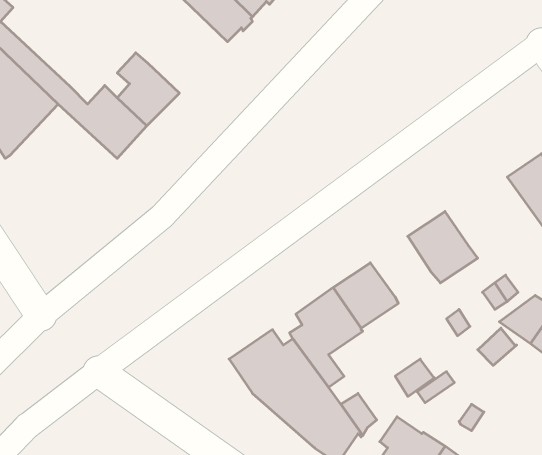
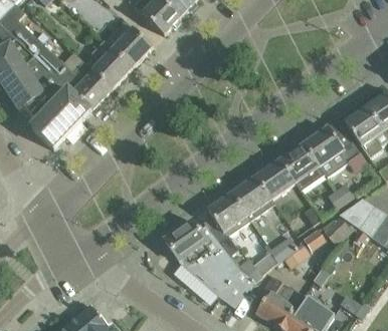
building: none -> [112,27,152,67]
building: none -> [22,74,91,148]
building: none -> [304,126,360,177]
building: none -> [255,159,295,199]

